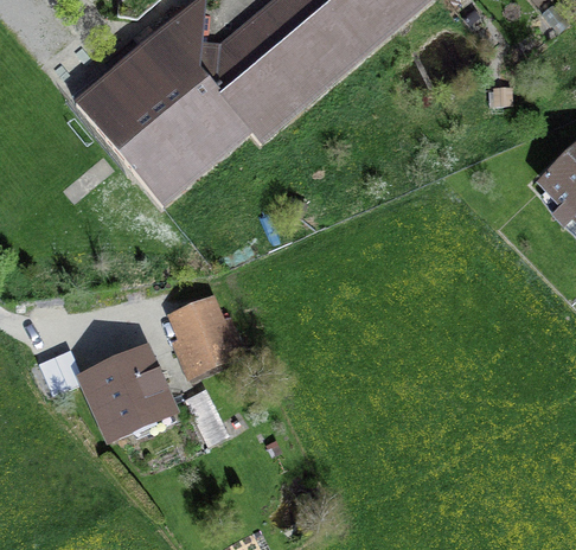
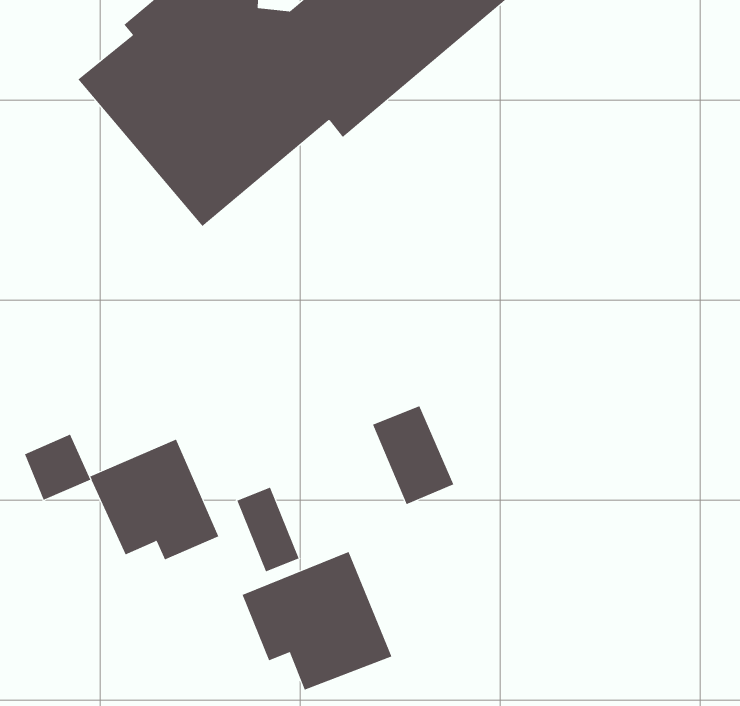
building: [173,294,230,363] -> [372,406,454,505]
building: none -> [242,551,392,690]

